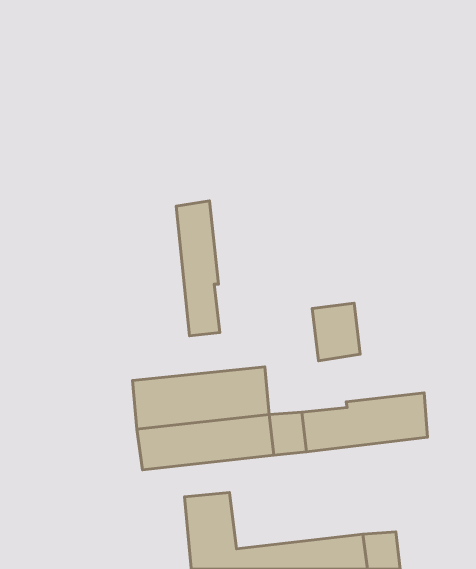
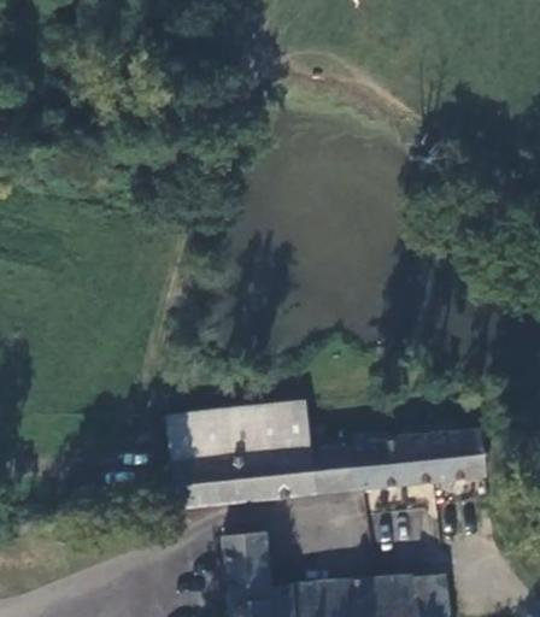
building: [176,201,220,336] -> none
building: [312,303,360,361] -> none

